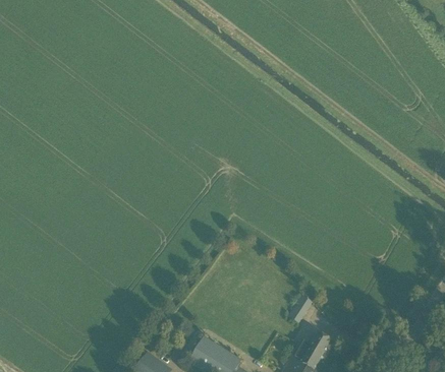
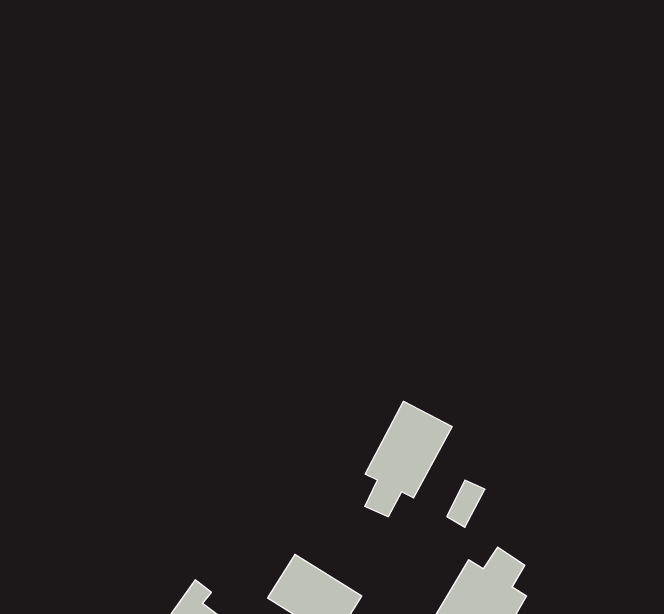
building: none -> [365,401,452,517]

